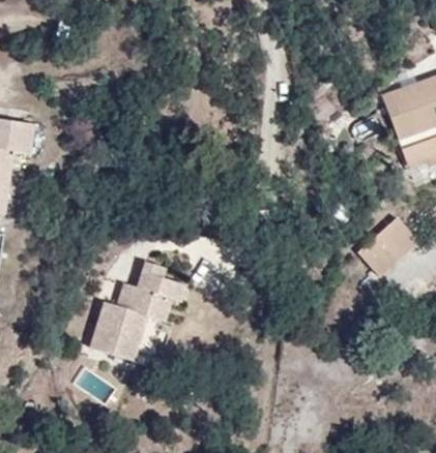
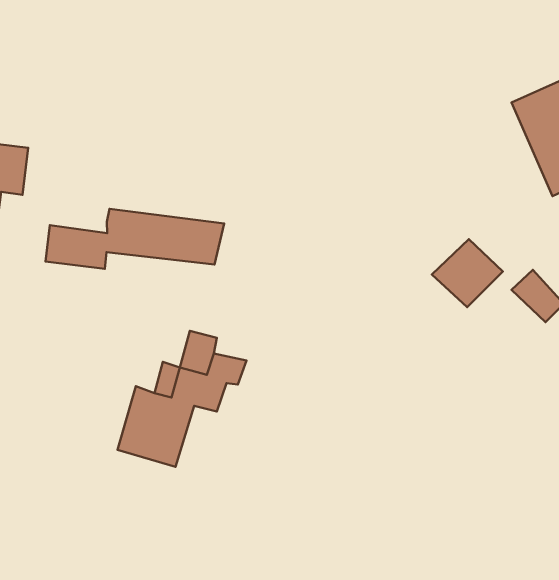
building: none -> [45,209,224,269]
building: [355,230,407,279] -> [432,239,503,307]

